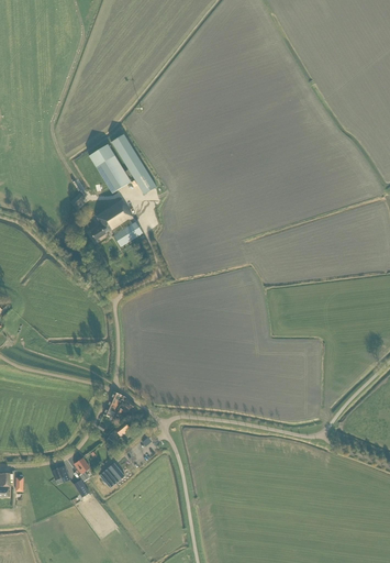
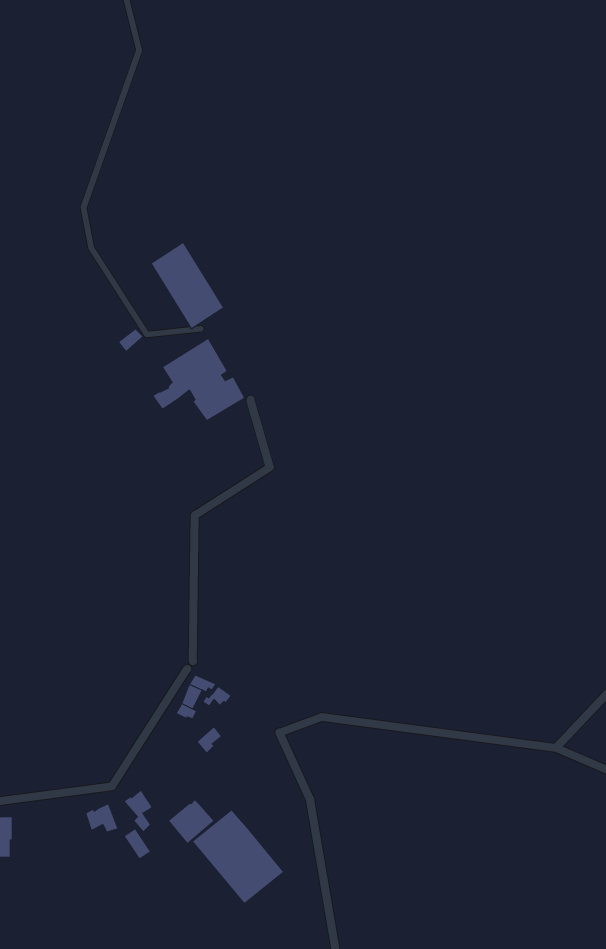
building: [111,134,156,195] -> none
building: none -> [192,809,284,904]

